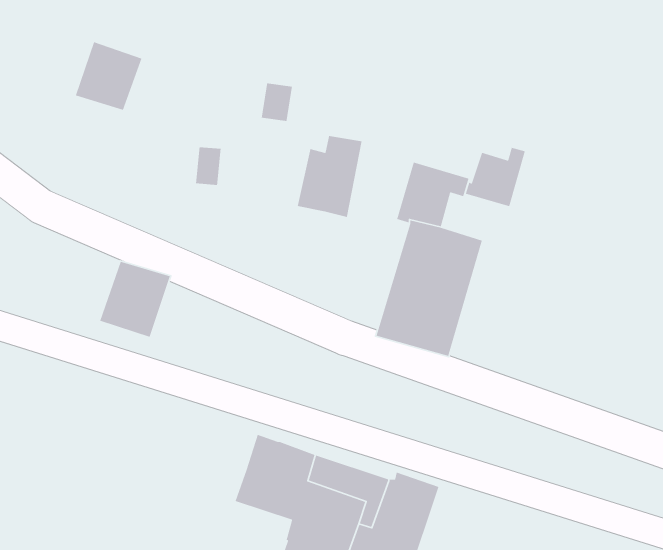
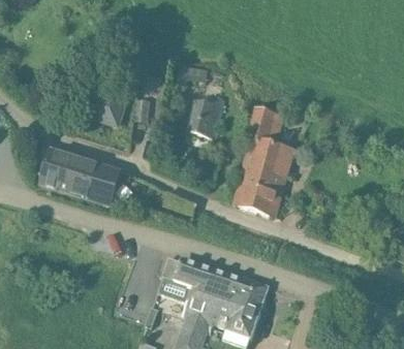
building: [75,41,142,111] -> [90,87,127,125]
building: [465,147,526,207] -> none
building: none -> [39,148,93,195]

